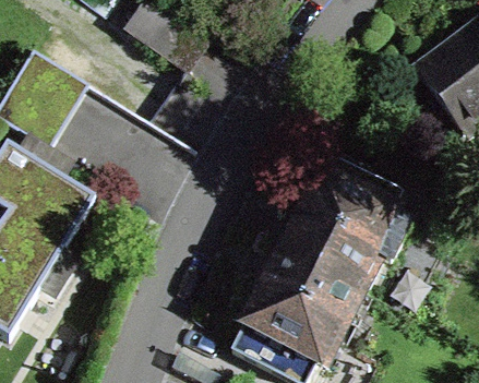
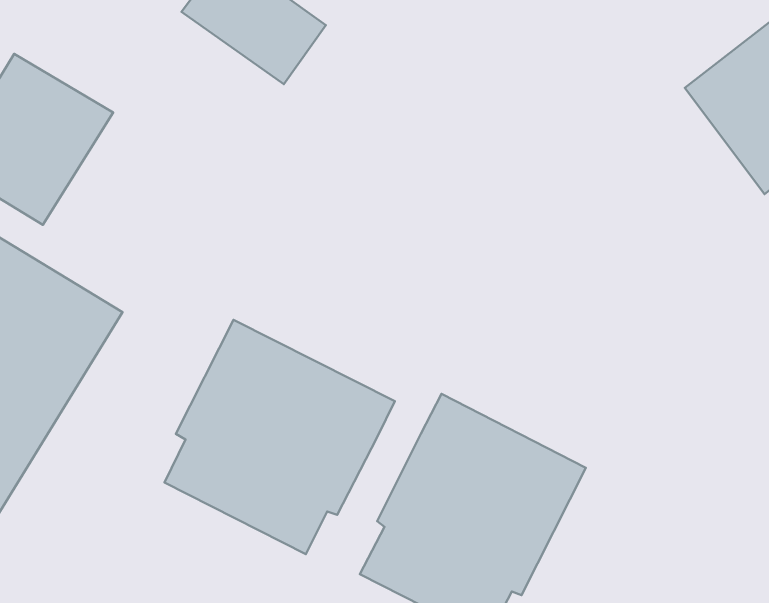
building: [279,168,411,288] -> none
building: none -> [164,320,395,554]

